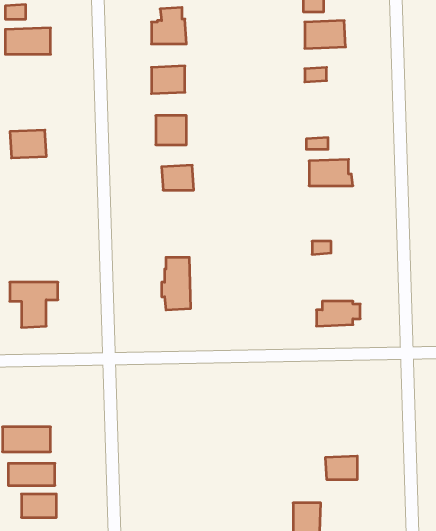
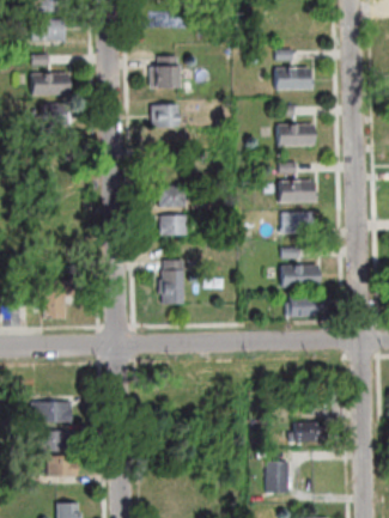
building: none -> [279,124,315,146]
building: [10,130,46,158] -> [42,103,72,126]
building: none -> [284,212,315,233]
building: none -> [160,215,188,236]
building: none -> [282,264,318,287]

